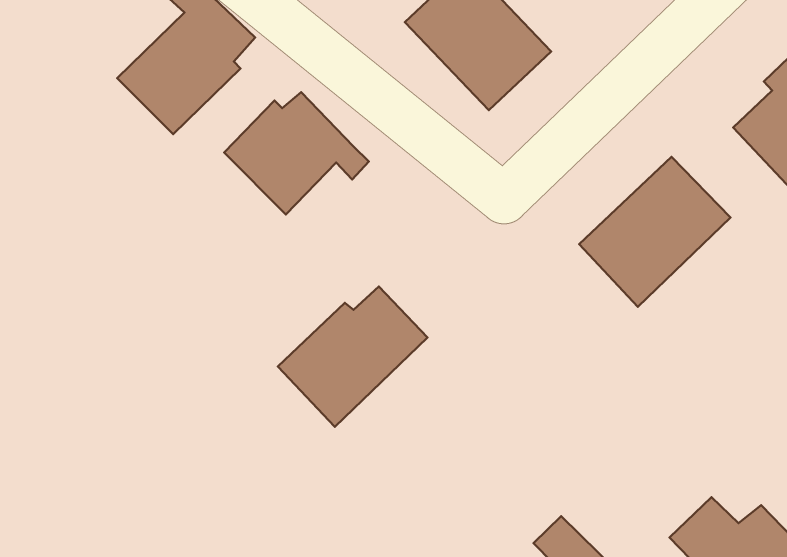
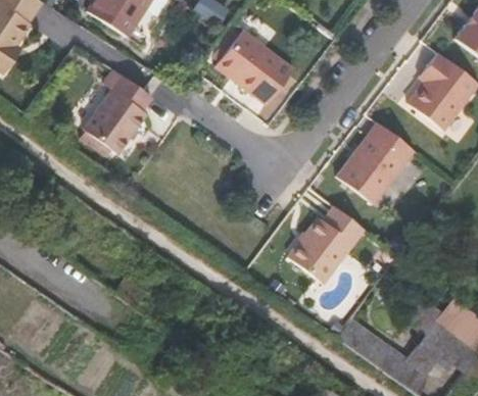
building: [224,92,369,214] -> none
building: [278,287,427,427] -> [289,206,365,283]

